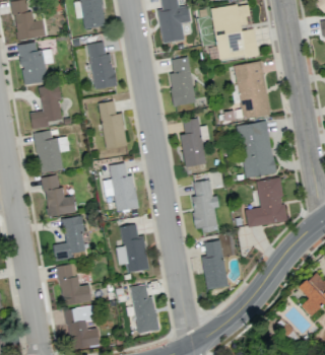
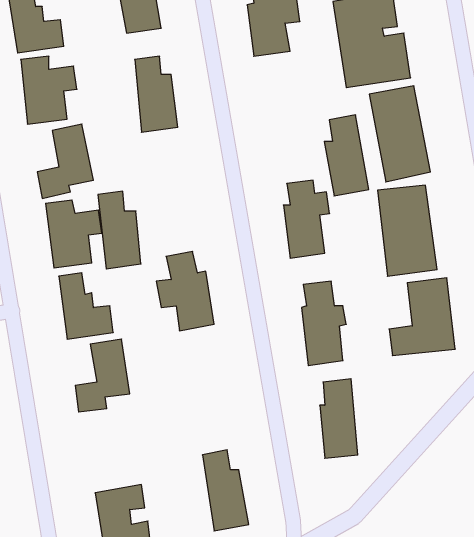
building: [169,57,196,106] -> [324,115,369,196]
building: [100,101,126,149] -> [98,191,141,269]
building: [117,225,148,272] -> none
building: [58,263,91,305] -> none

